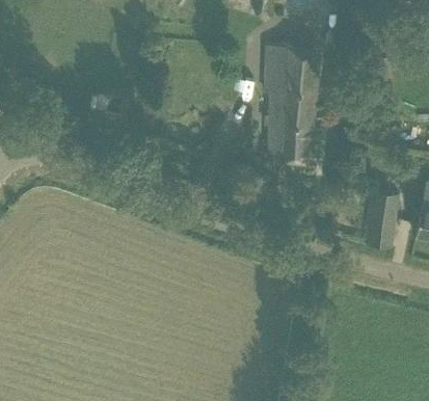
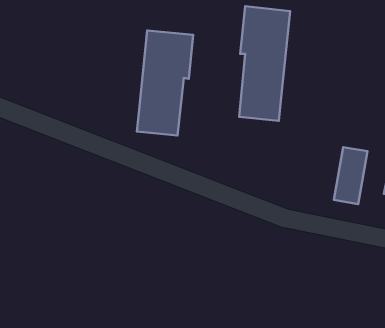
building: none -> [137,31,193,136]

